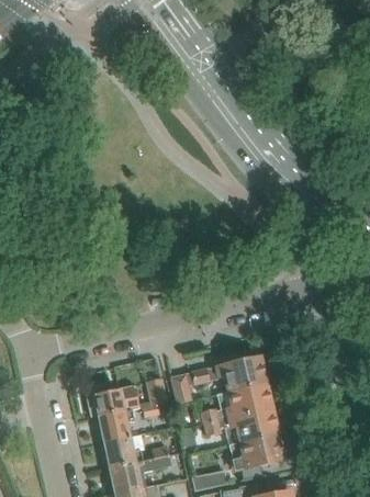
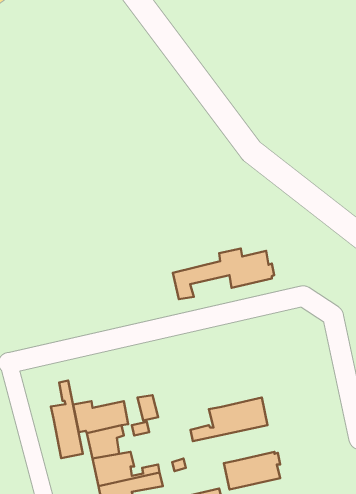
building: [172,354,269,403] -> [173,249,274,299]
building: none -> [51,380,83,458]
building: [201,409,279,445] -> none

